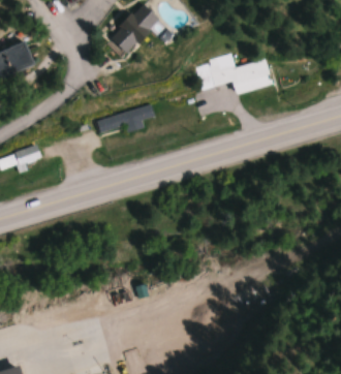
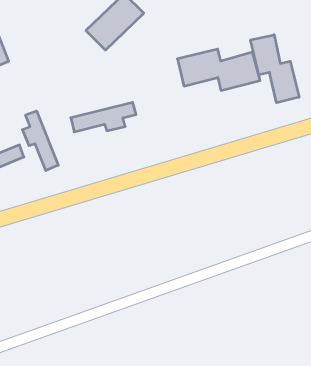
building: none -> [251,35,299,103]
building: none -> [22,111,58,171]

